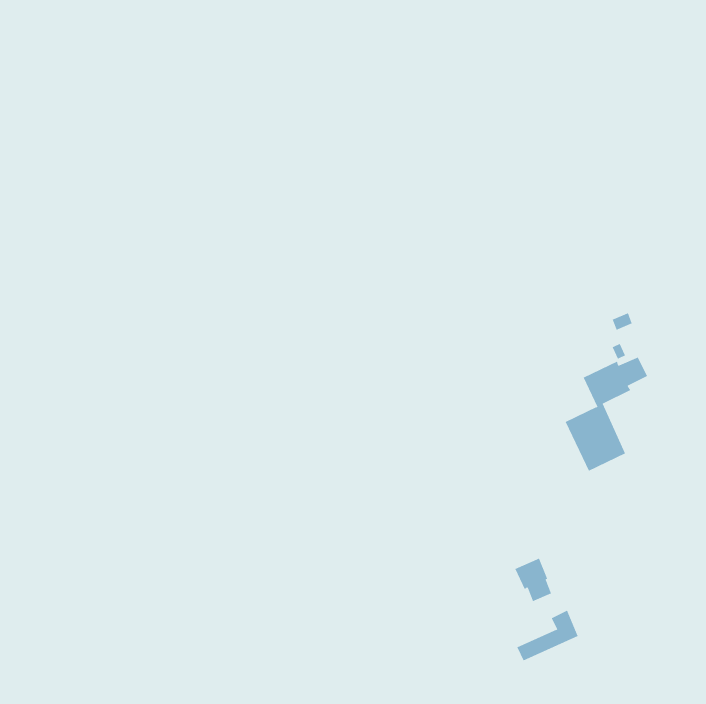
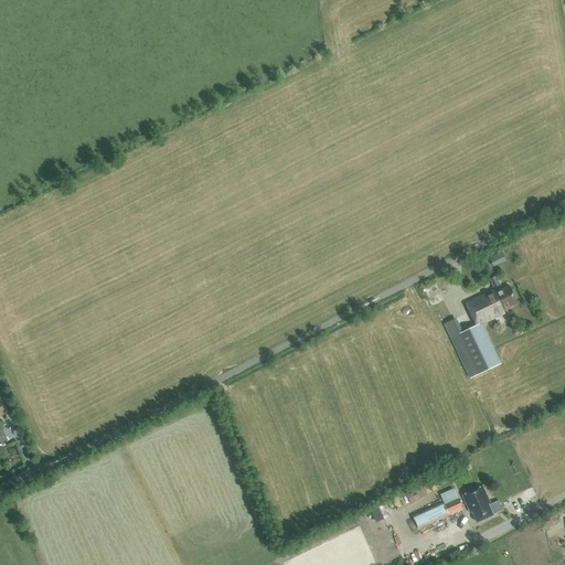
building: [515,558,552,602] -> [461,484,491,520]

